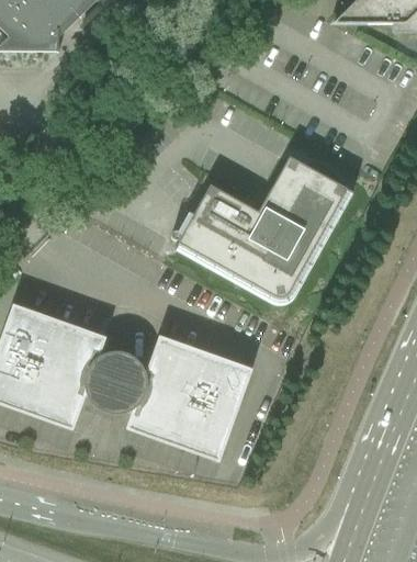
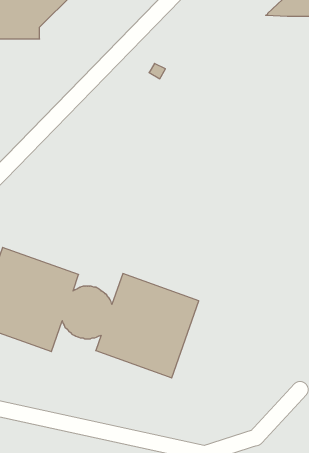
building: [174,156,352,297] -> none

